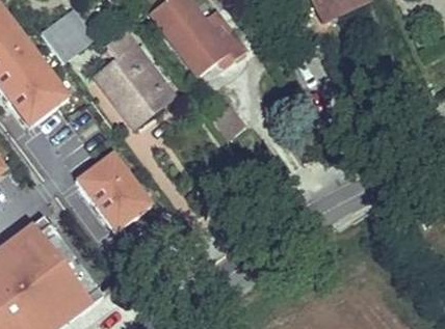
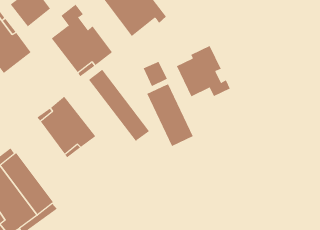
building: none -> [176,45,231,97]
building: none -> [88,69,150,142]
building: none -> [146,83,194,147]

